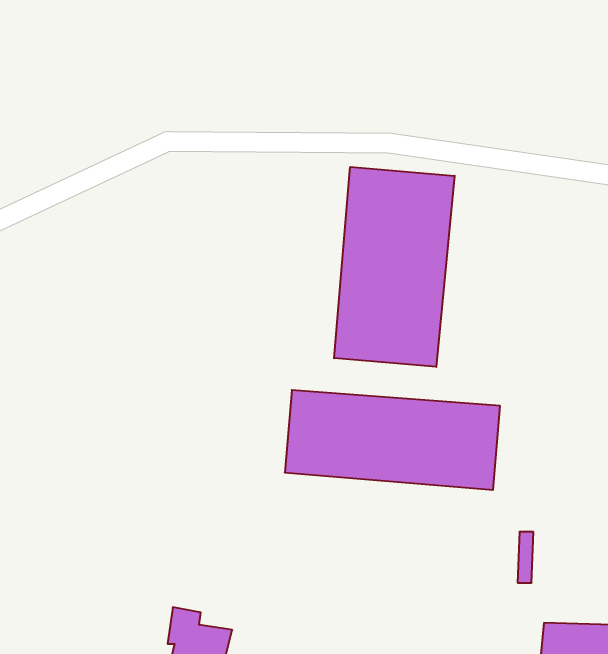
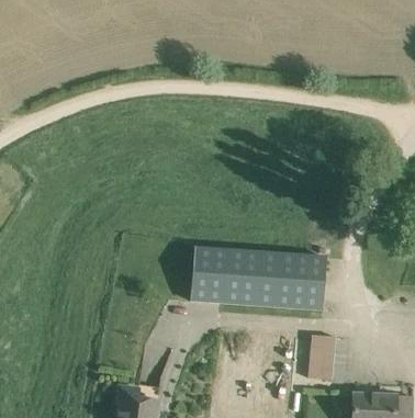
building: [334,167,455,367] -> none
building: none -> [306,335,336,380]

